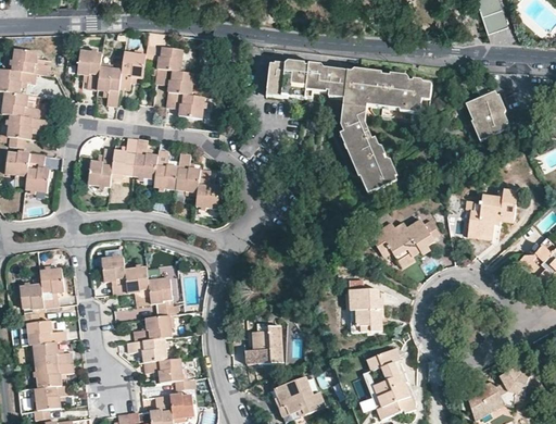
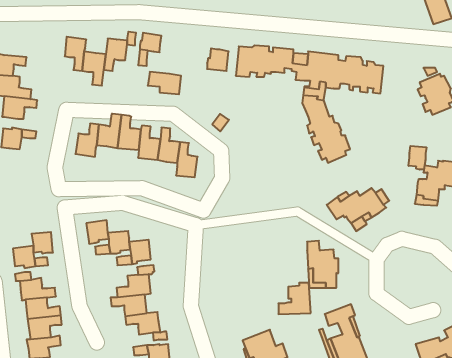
building: [10,49,48,74] -> none
building: [172,66,195,91] -> [207,48,229,71]
building: [26,167,50,190] -> none
building: none -> [409,146,426,170]
building: [247,328,282,363] -> [278,283,311,314]

